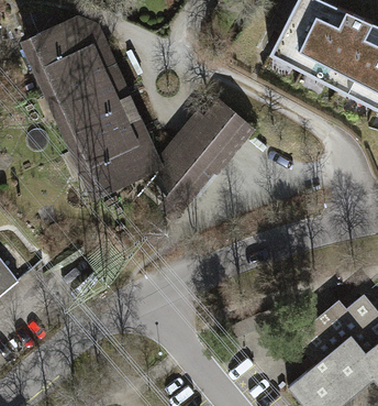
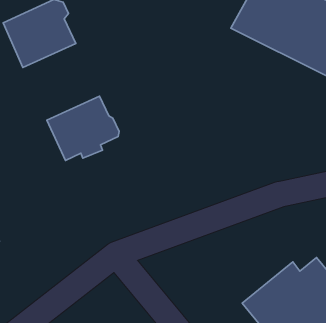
building: [47,69,129,151] -> none
building: [145,102,249,209] -> none

